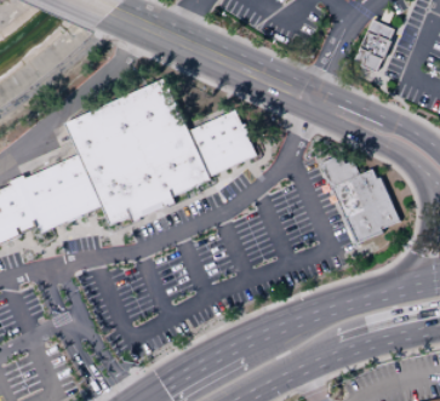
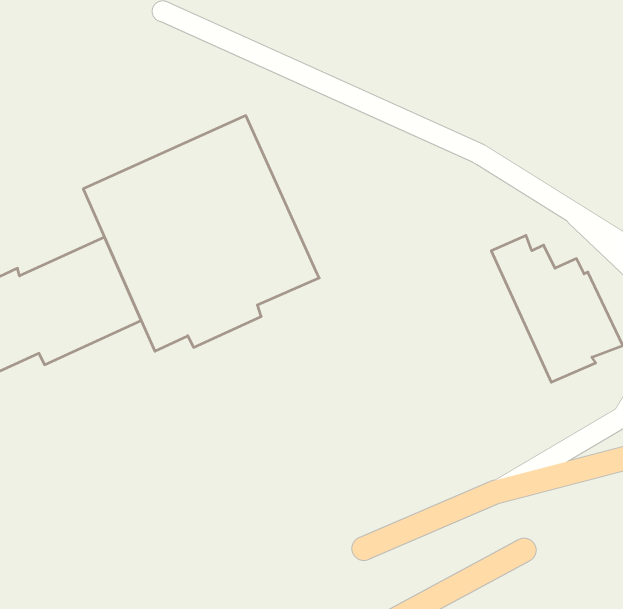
building: [355,22,395,76] -> none
building: [189,110,258,178] -> none

